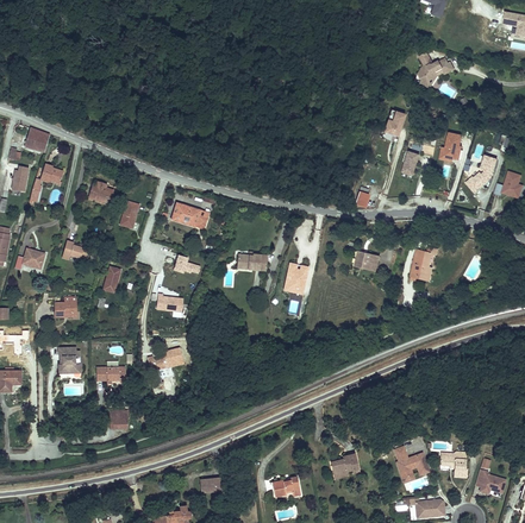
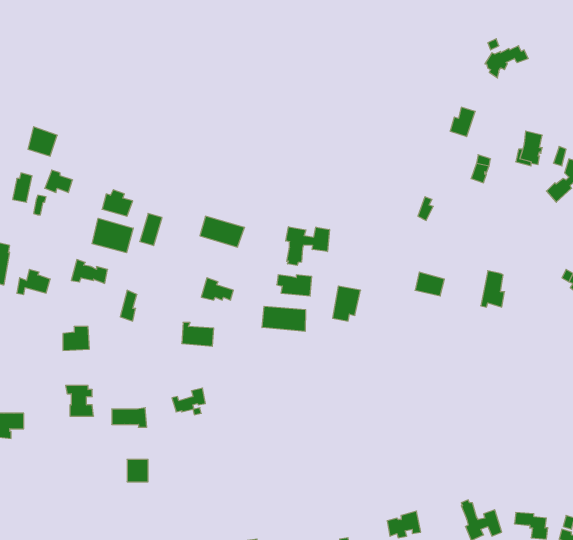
building: none -> [92,218,133,253]
building: none -> [286,227,329,265]
building: none -> [262,306,306,331]

